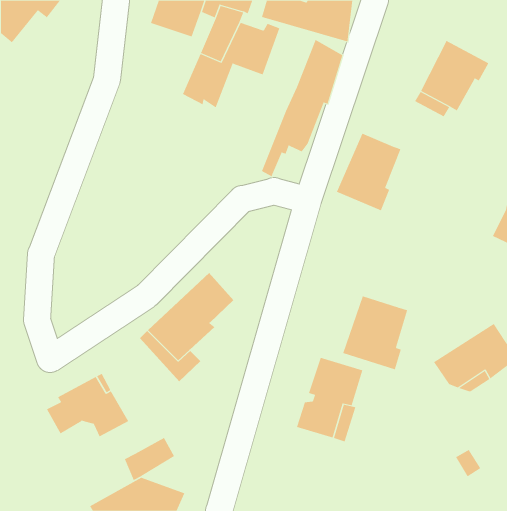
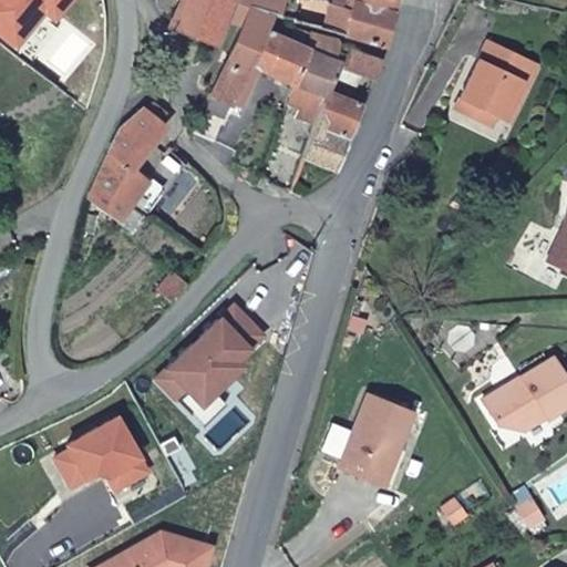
building: none -> [288,31,353,123]
building: none -> [94,104,165,215]
building: [336,133,401,211] -> none
building: [343,295,408,370] -> none
building: [124,437,175,481] -> none

